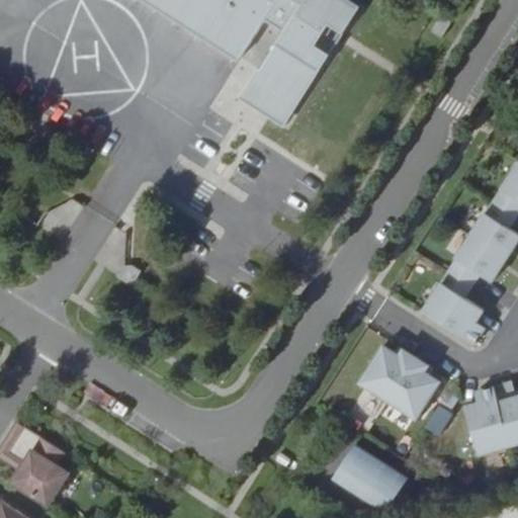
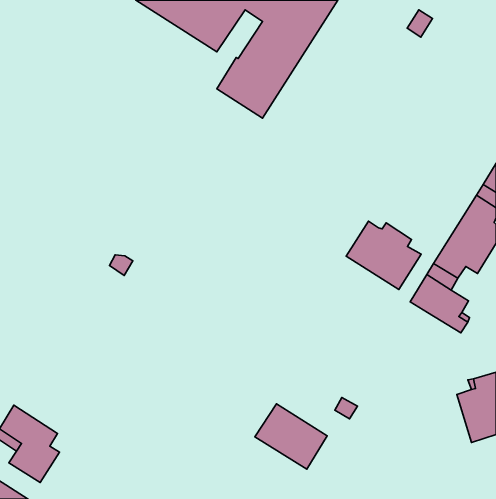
building: [364,347,442,418] -> [346,221,421,289]
building: [332,442,407,510] -> [255,404,327,469]

